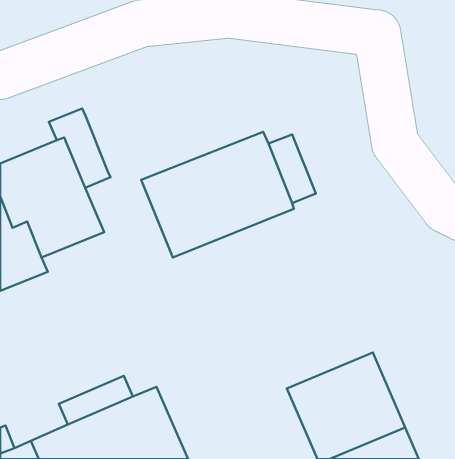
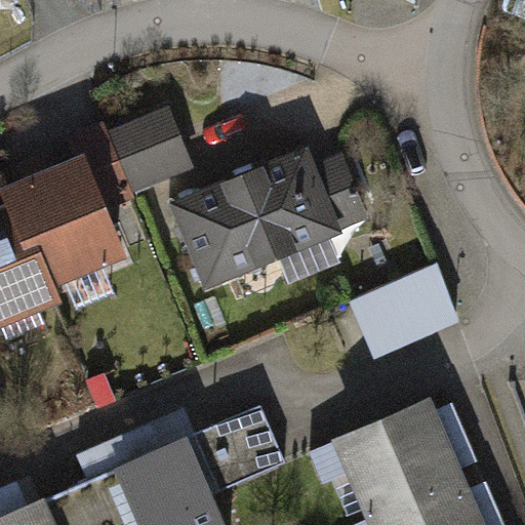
building: none -> [106,108,191,194]
building: none -> [349,265,459,359]
building: none -> [186,405,286,495]

